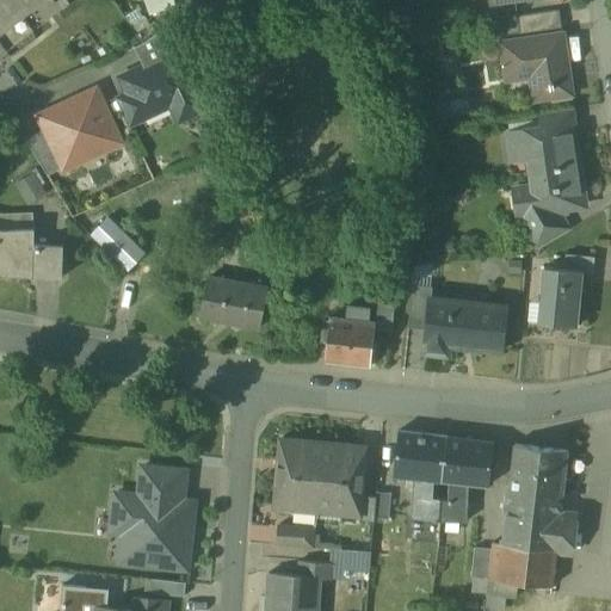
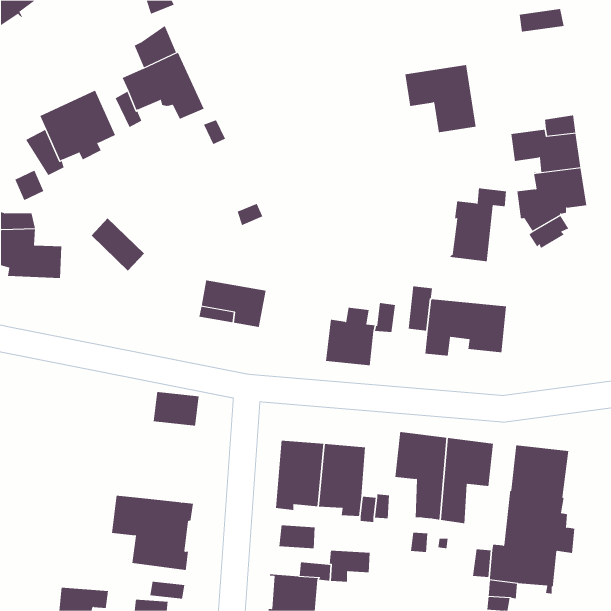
building: [502,33,574,101] -> [405,65,476,133]
building: [537,254,594,328] -> [449,188,507,262]
building: [138,467,185,501] -> [153,392,199,426]

